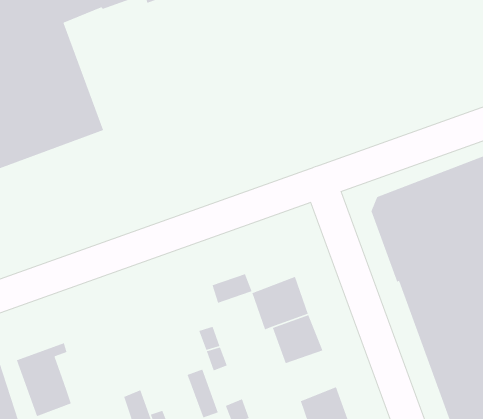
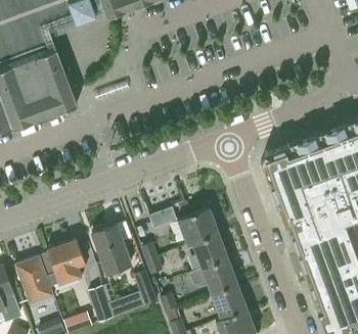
building: none -> [91,225,131,272]
building: none -> [42,239,86,286]
building: none -> [189,258,237,293]

